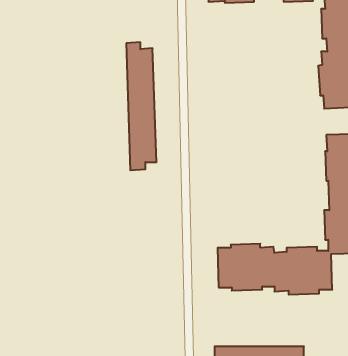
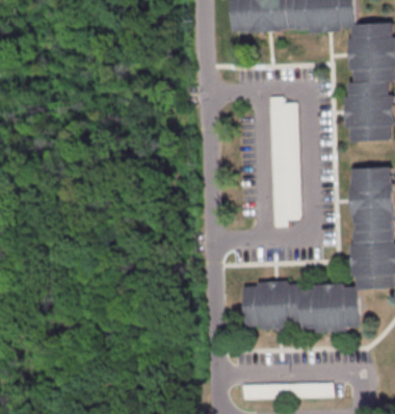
building: [126,42,157,170] -> [267,97,298,228]

